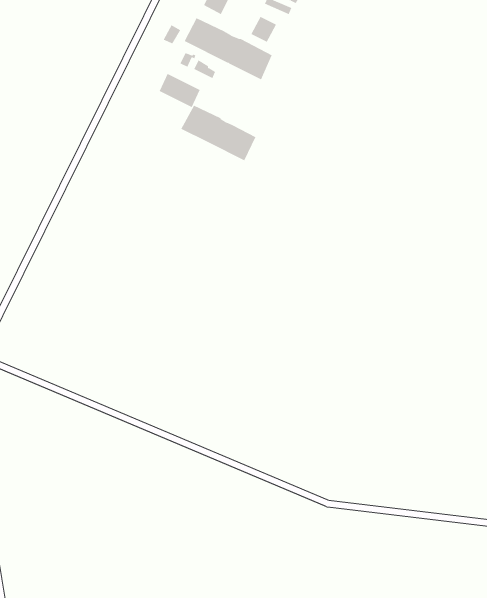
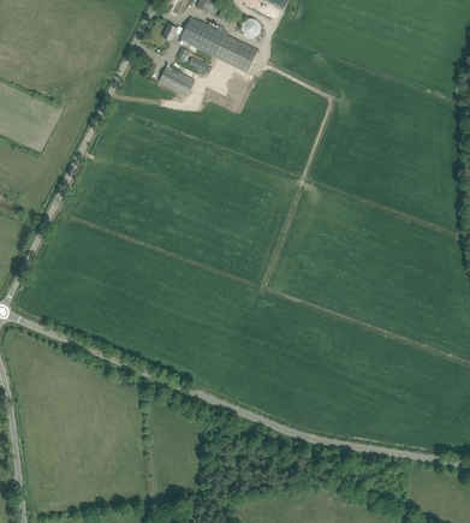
building: [181,105,256,161] -> none

